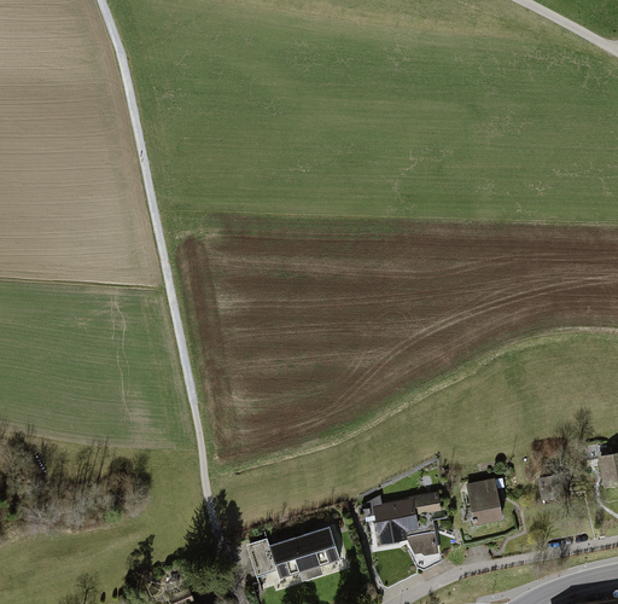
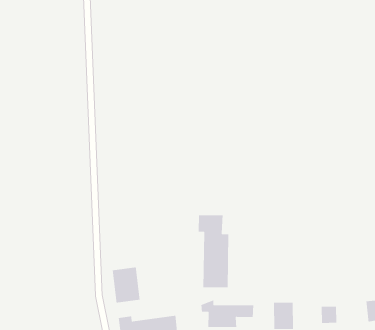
building: none -> [198,214,229,288]
building: none -> [112,267,140,303]

